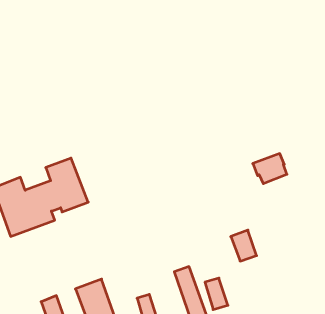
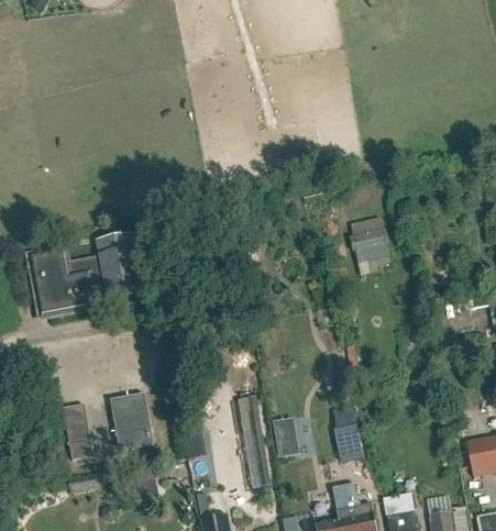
building: [253,154,287,184] -> [348,226,388,261]
building: [231,230,257,261] -> [334,422,363,460]

